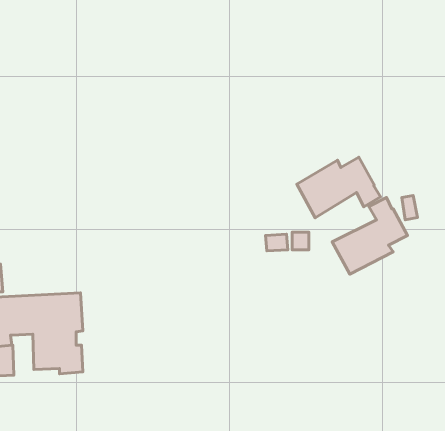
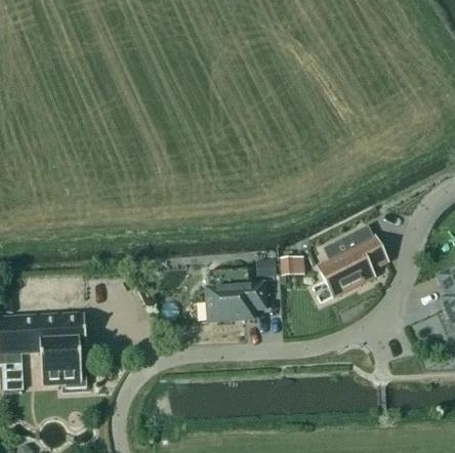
building: [297,157,380,218] -> none
building: none -> [204,282,264,321]

